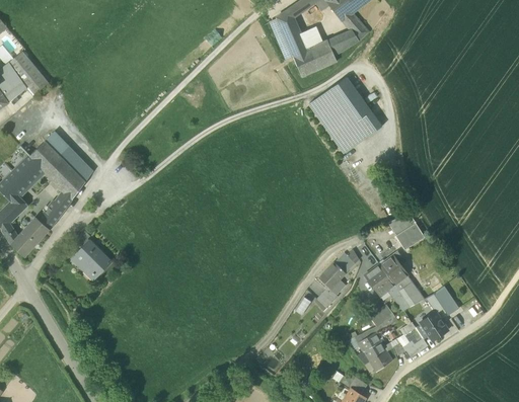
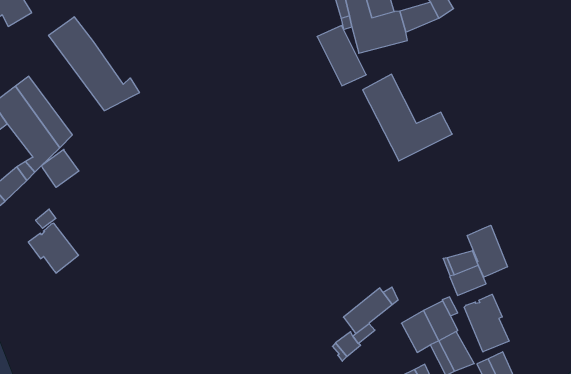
building: [328,78,370,124] -> [317,25,366,86]
building: none -> [49,17,139,111]
building: none -> [41,149,79,187]
building: none -> [467,225,507,277]
building: none -> [464,294,509,352]

